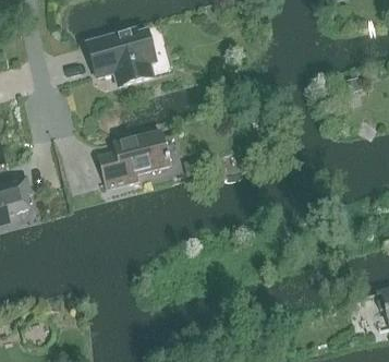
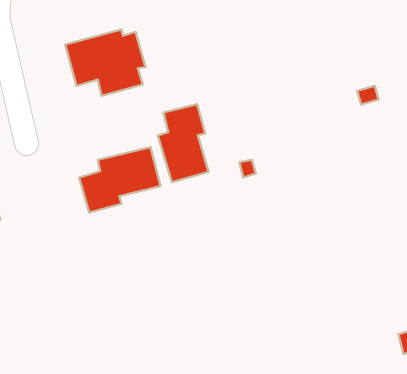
building: none -> [158,104,209,182]

